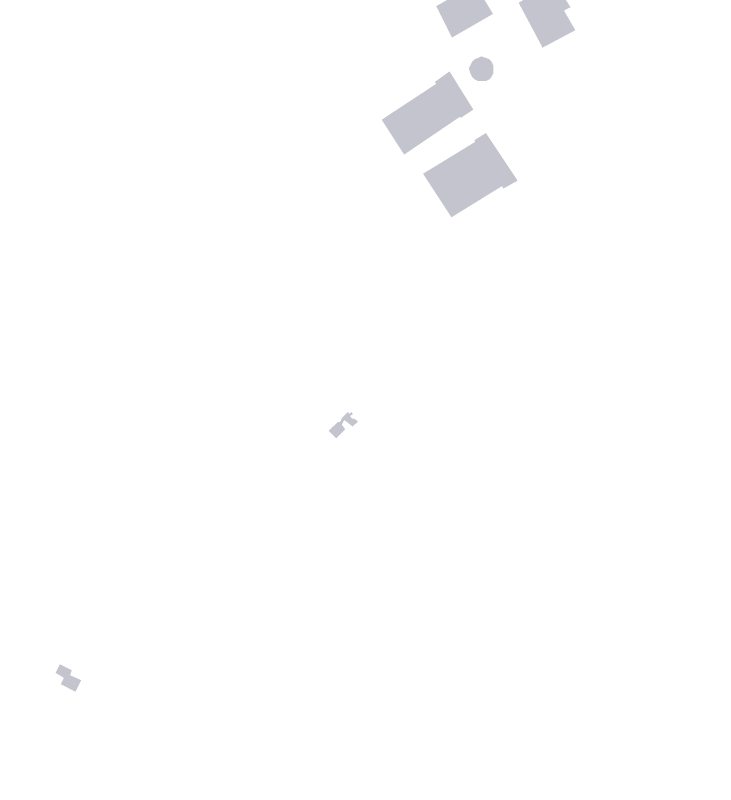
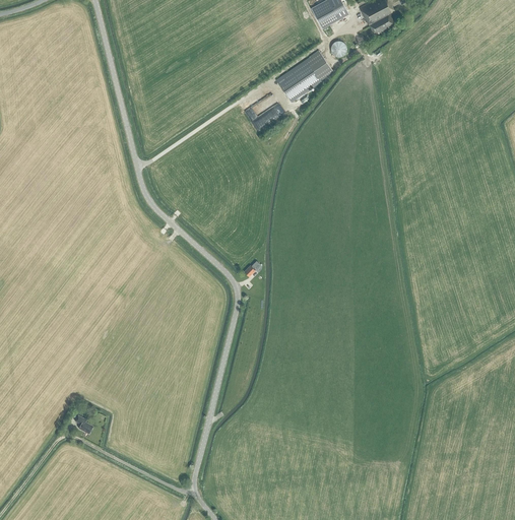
building: [422,132,519,219] -> none
building: none -> [246,92,279,124]

